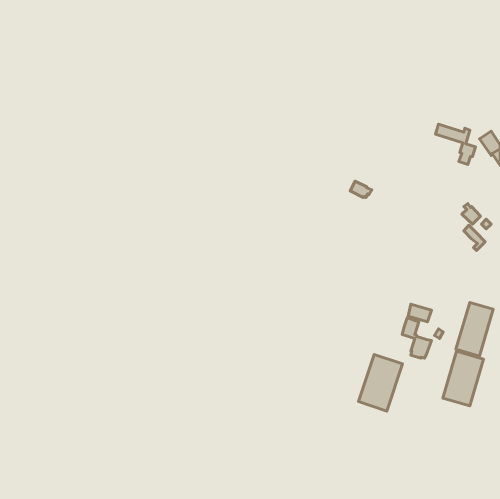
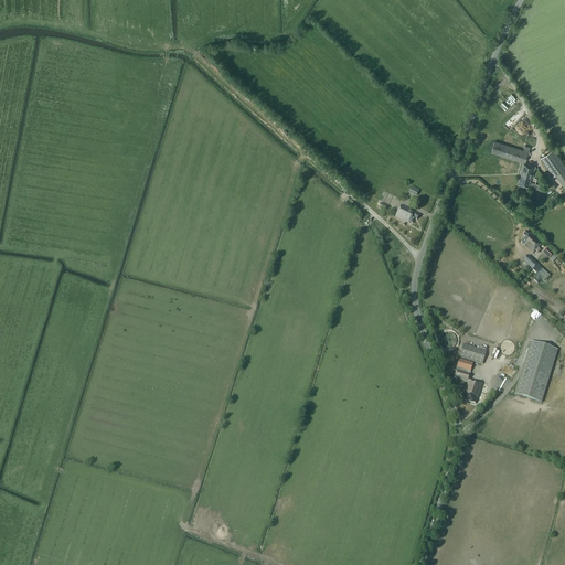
building: [443,351,484,406] -> none
building: [358,354,402,411] -> none

